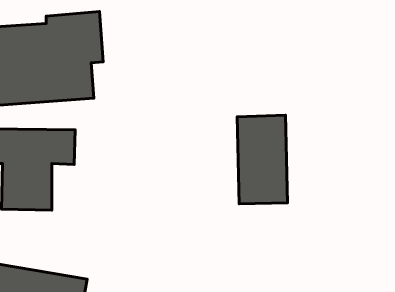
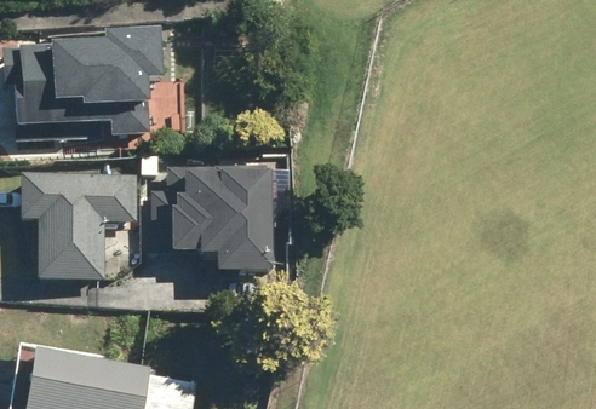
building: [237,115,287,204] -> none
building: none -> [151,166,275,272]

